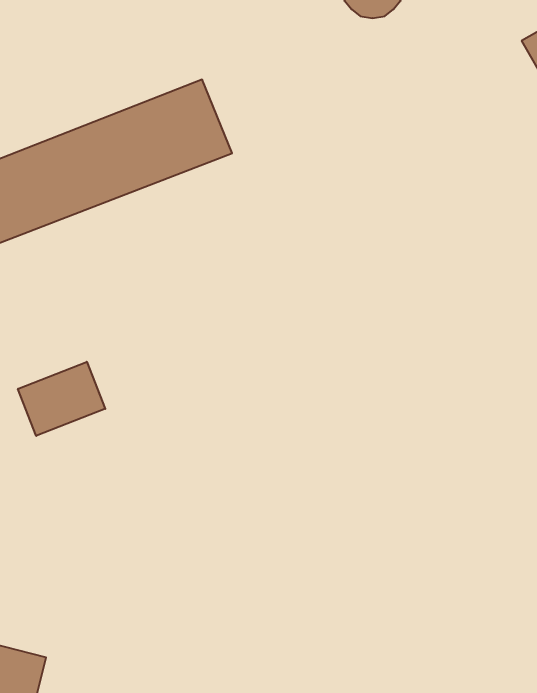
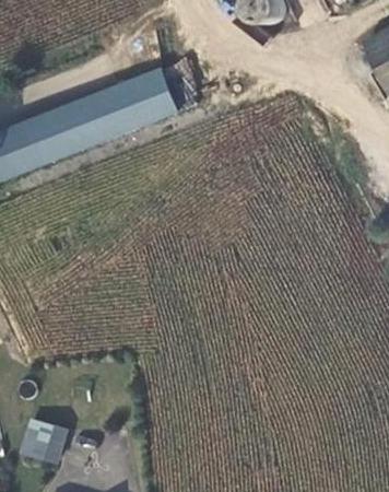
building: [18,362,105,436] -> none

